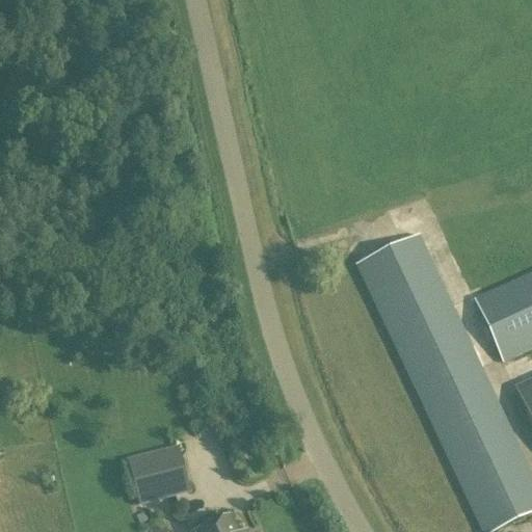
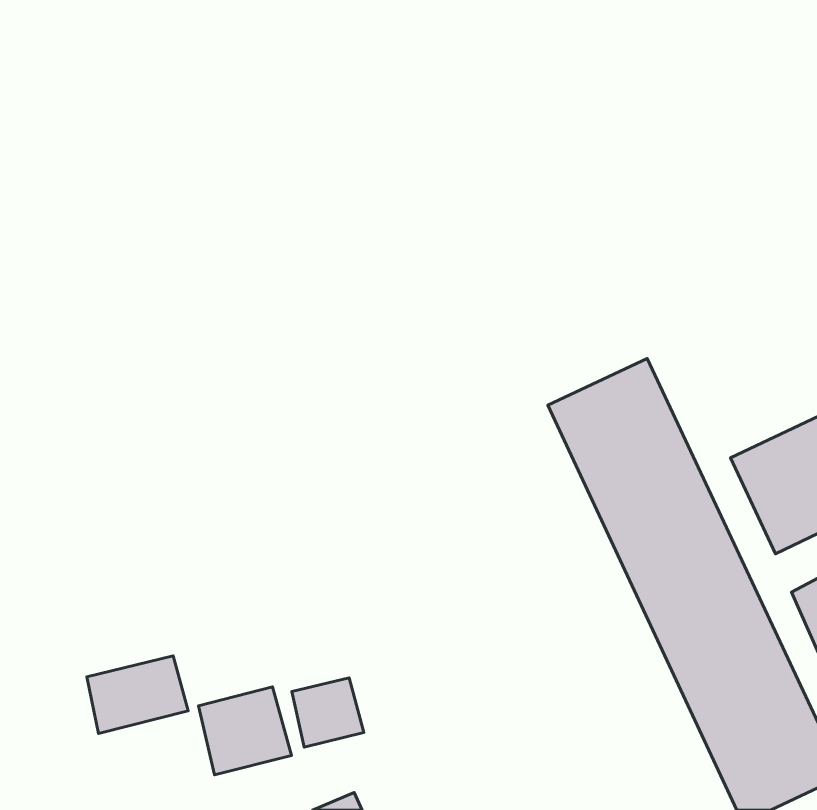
building: none -> [87,656,188,733]
building: none -> [292,678,364,747]

